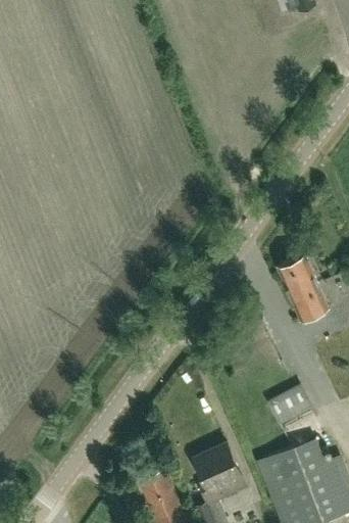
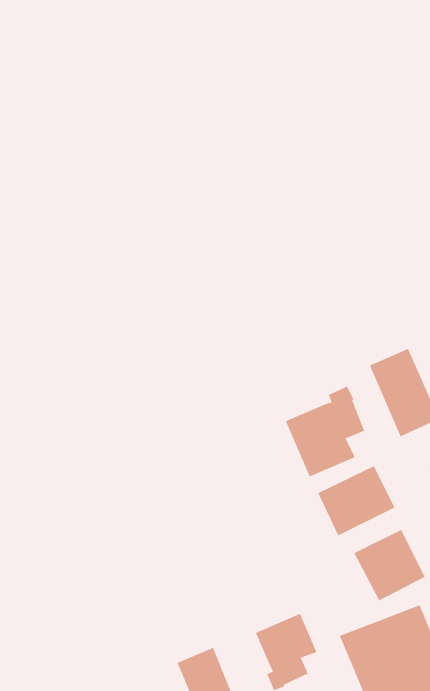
building: none -> [285,386,365,478]
building: none -> [317,465,395,537]

